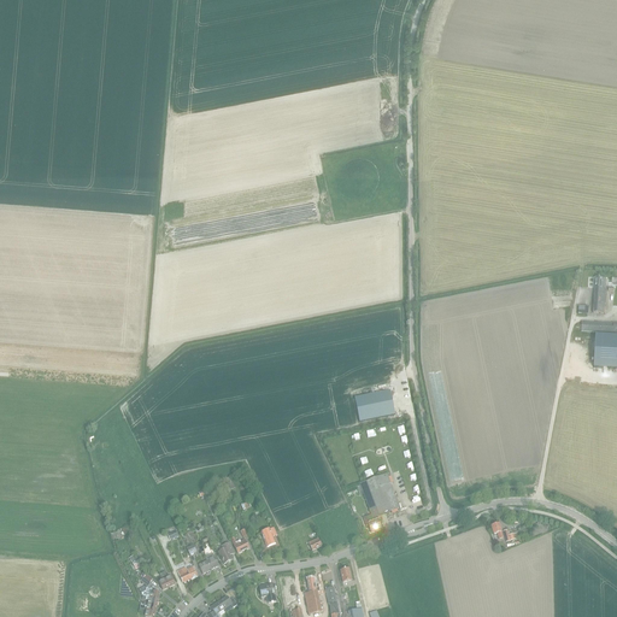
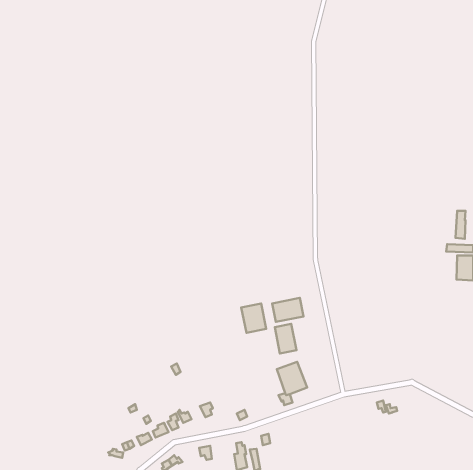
building: none -> [241,304,266,333]
building: none -> [275,324,297,354]

